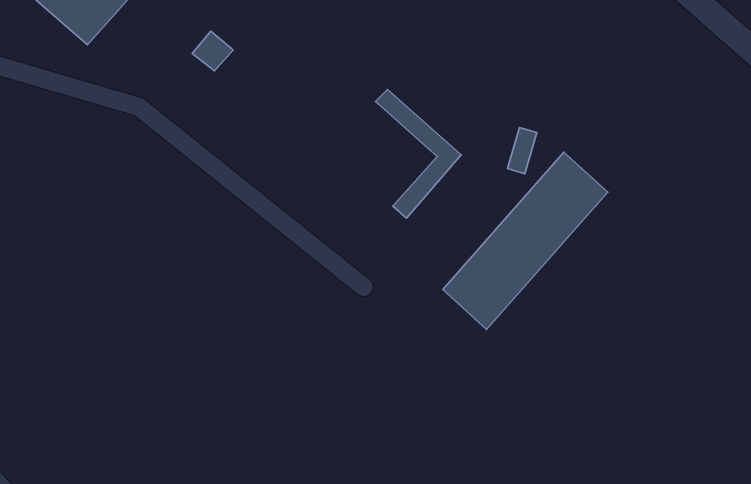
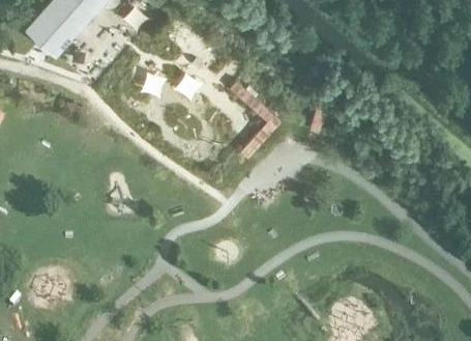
building: [443,152,608,330] -> none

